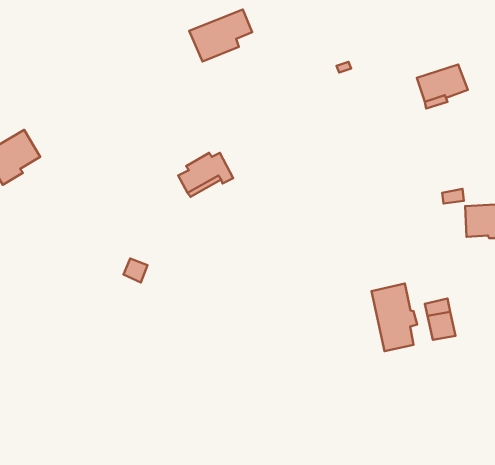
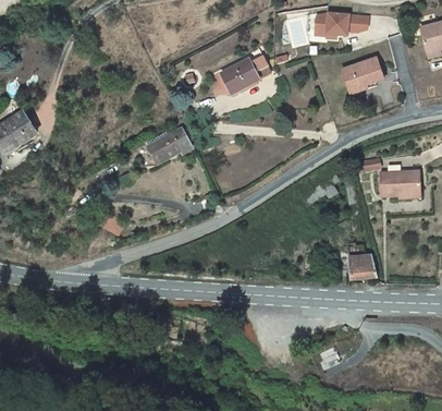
building: [189,9,252,62] -> [219,52,270,95]
building: none -> [315,12,368,38]
building: [372,284,417,351] -> none

